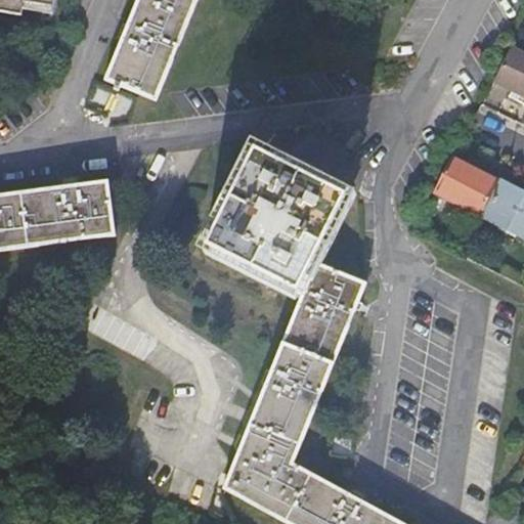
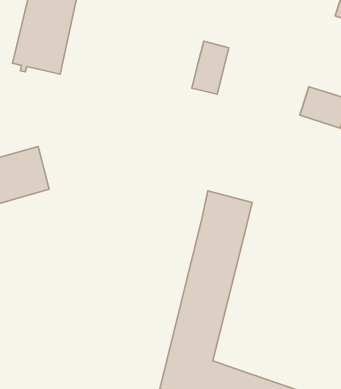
building: none -> [192,41,229,94]
building: [200,151,344,294] -> none

